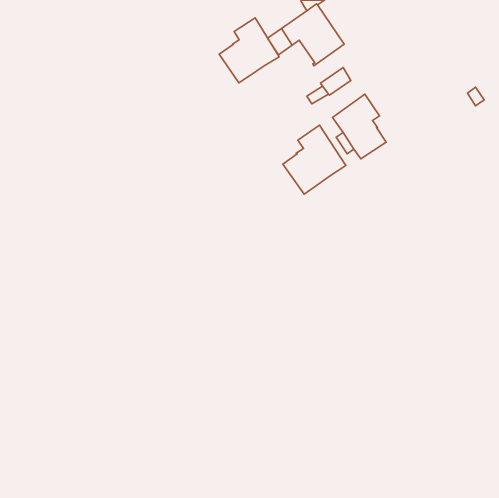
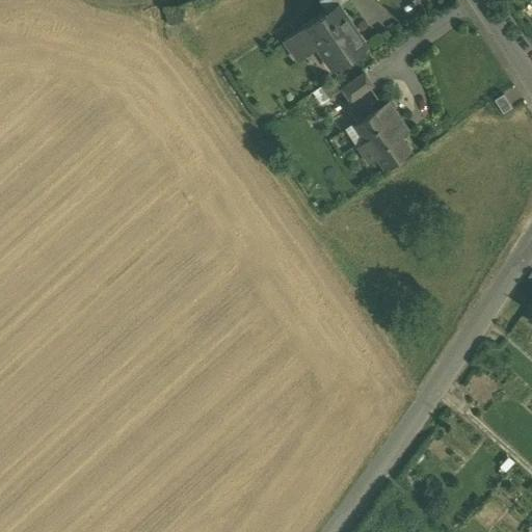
building: [219,18,279,83] -> none
building: [283,125,346,194] -> none

